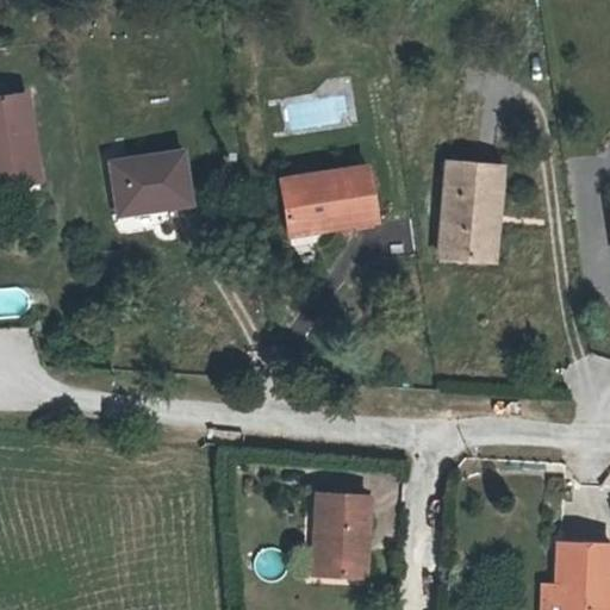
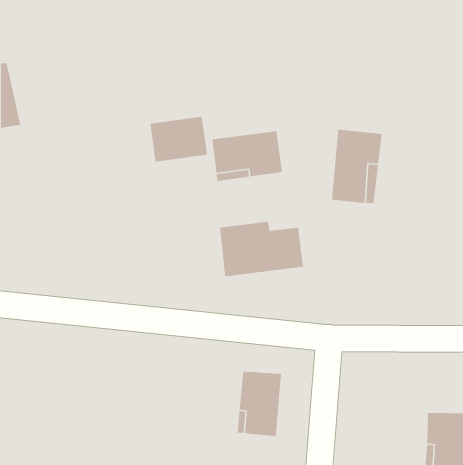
building: [111,147,187,207] -> [149,116,208,162]
building: none -> [219,221,304,277]

